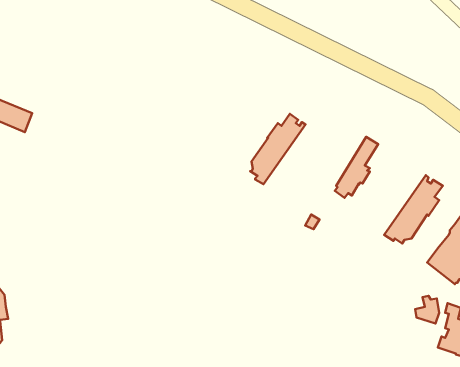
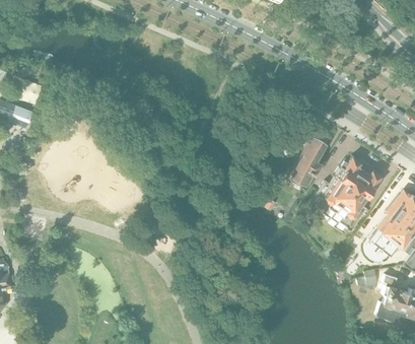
building: [250,114,305,184] -> [321,156,367,216]

